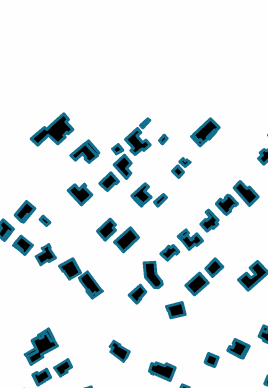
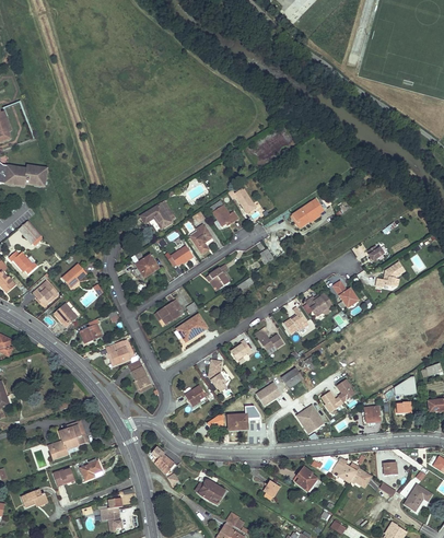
building: [31,114,73,145] -> none
building: none -> [295,404,325,434]

